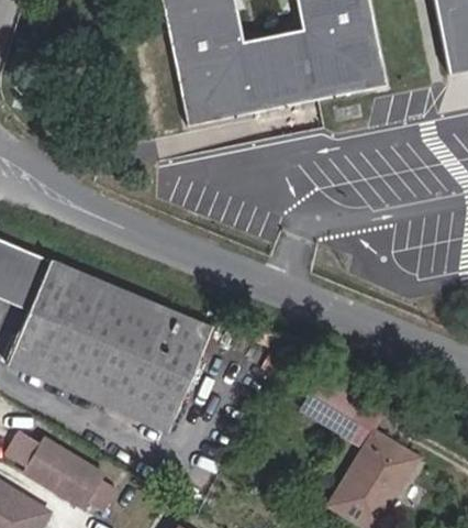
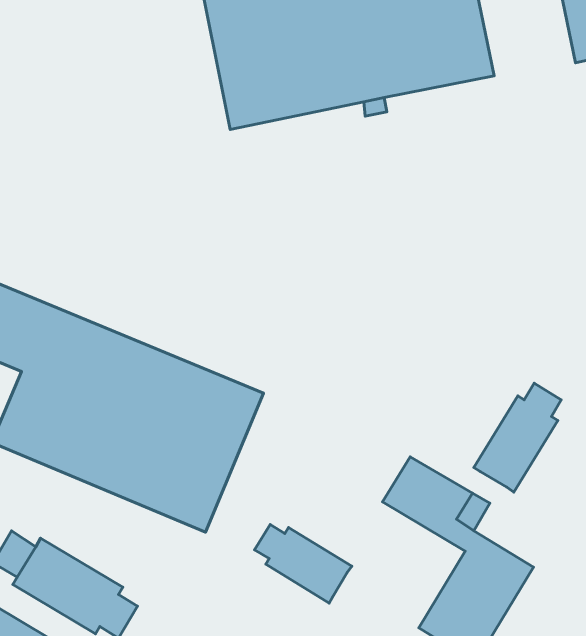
building: none -> [474,383,561,492]
building: none -> [255,525,352,603]

